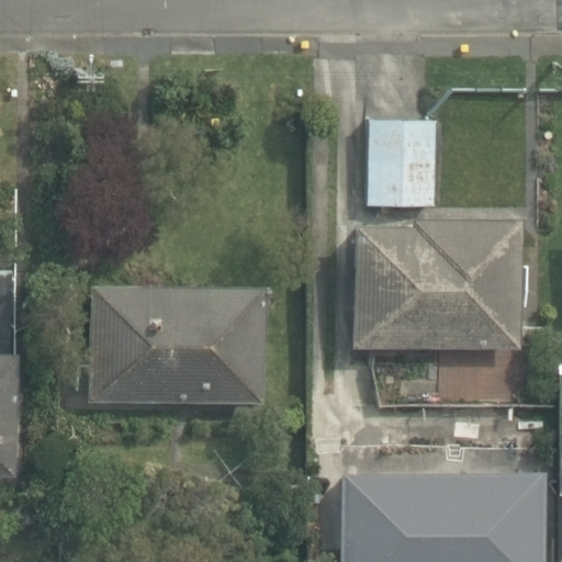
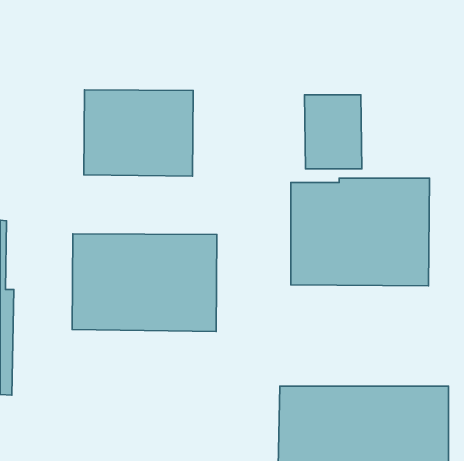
building: none -> [84,90,193,176]

